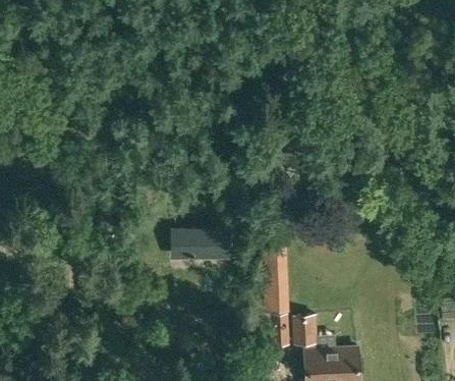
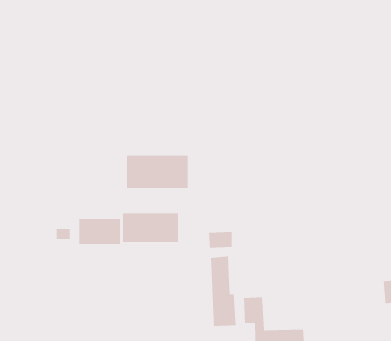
building: none -> [126,155,188,189]
building: none -> [78,218,121,245]

